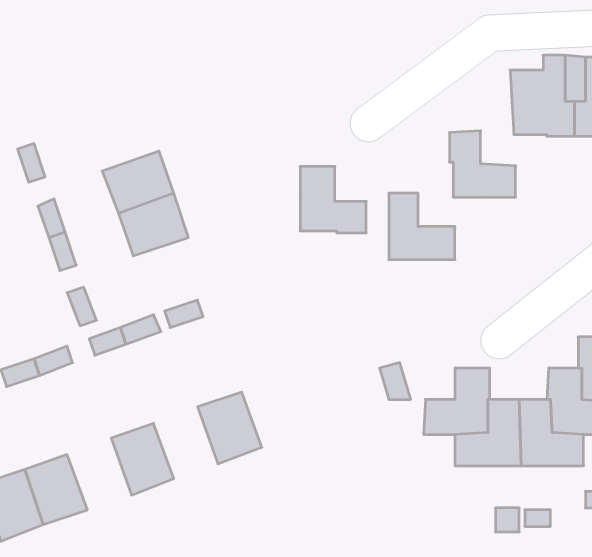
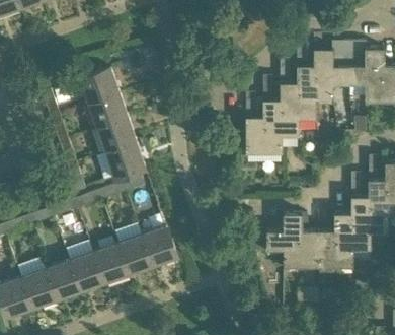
building: none -> [296,65,332,102]
building: none -> [79,68,118,104]
building: [300,166,366,233] -> [261,98,298,135]
building: none -> [104,140,144,176]
building: none -> [115,233,151,273]
building: none -> [68,251,103,290]

